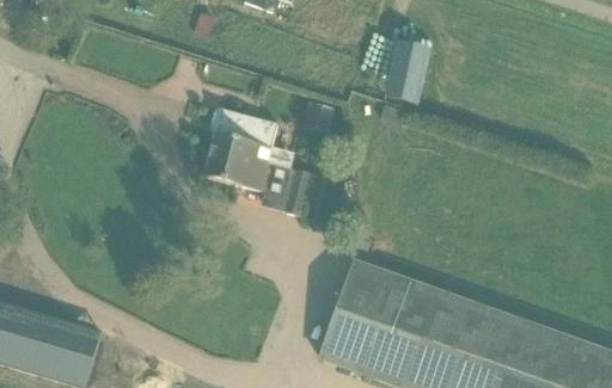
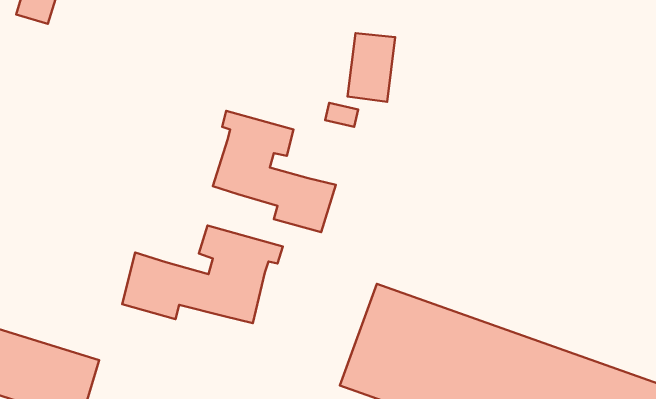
building: [377,39,420,101] -> [348,33,395,102]
building: none -> [122,226,283,323]

